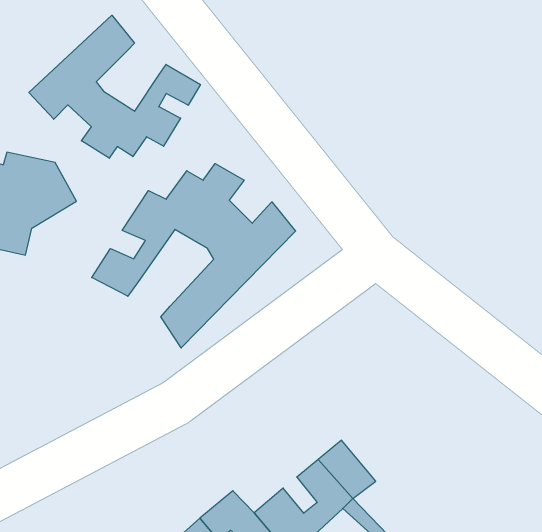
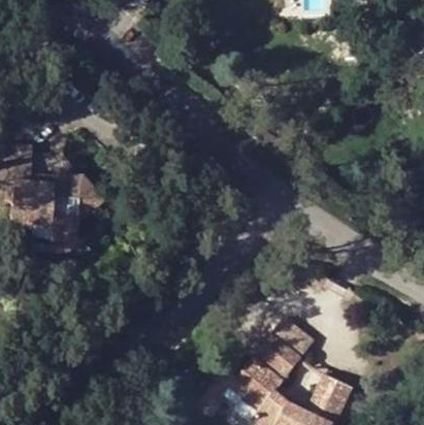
building: [29,15,200,158] -> none
building: [92,164,296,348] -> none

